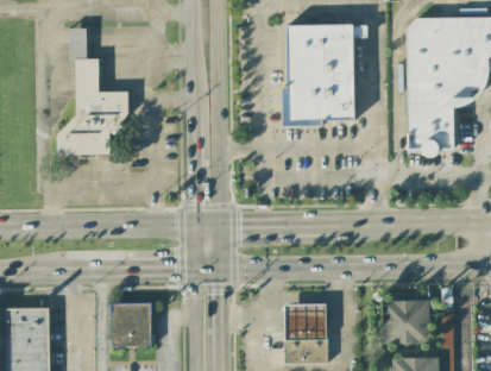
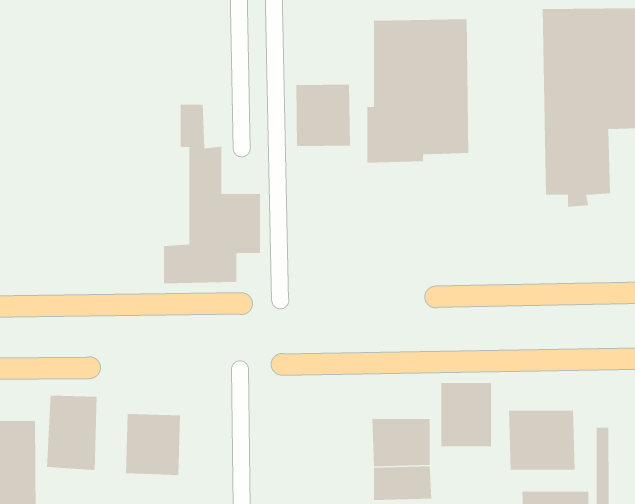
building: [57,29,126,156] -> [163,104,261,284]
building: none -> [295,84,351,147]
building: none -> [440,382,492,447]
building: none -> [46,395,98,471]

